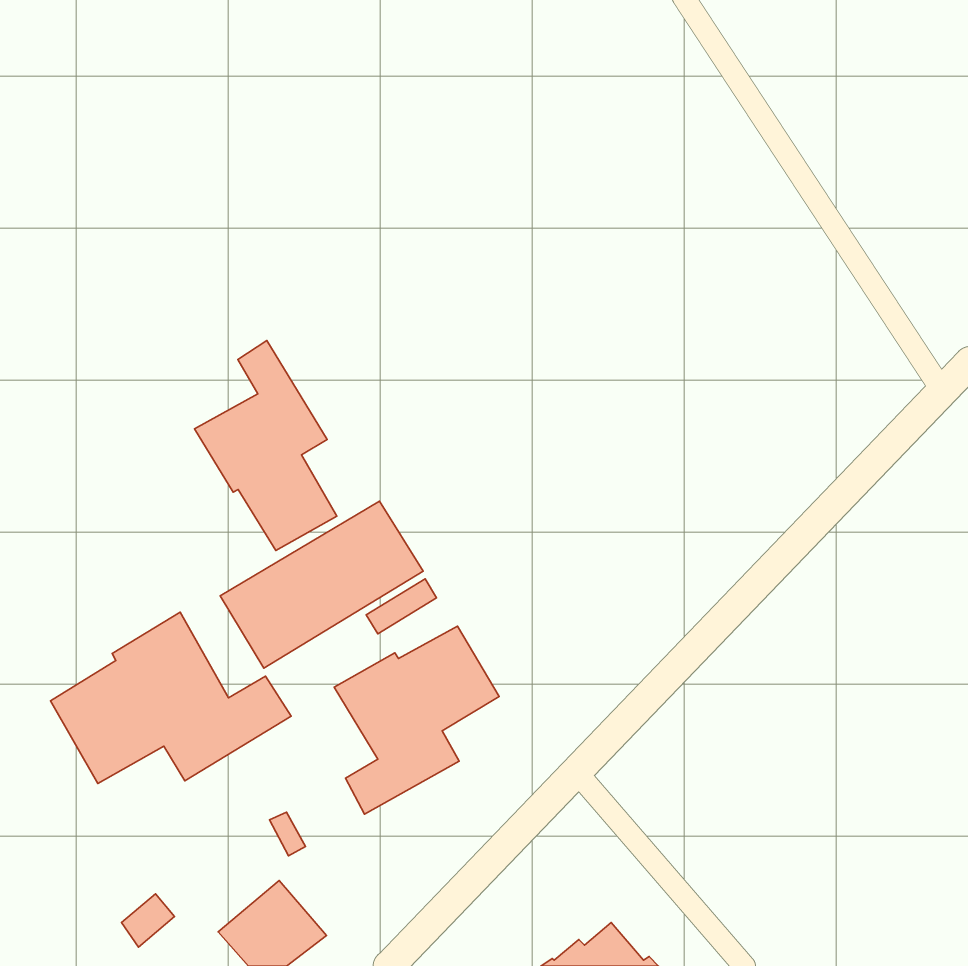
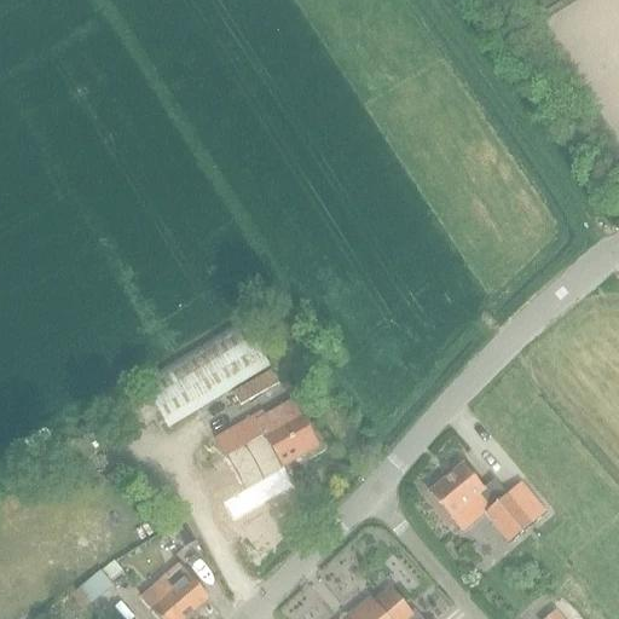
building: [195,340,337,550] -> none
building: [51,612,291,783] -> none
building: none -> [429,462,546,543]

